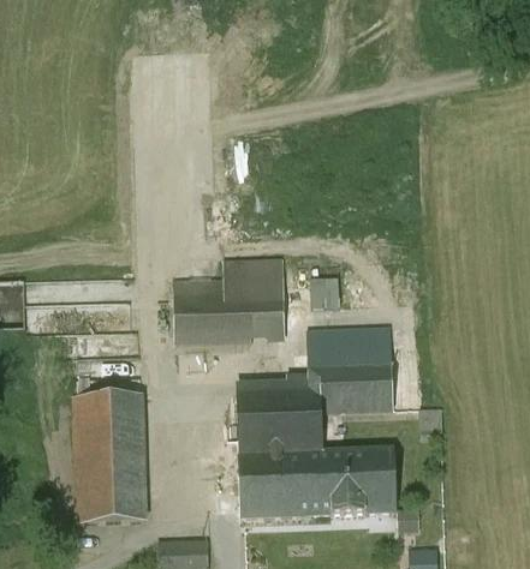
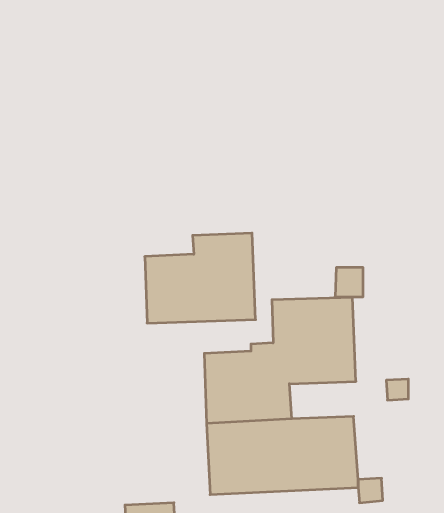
building: [314,276,343,306] -> [335,268,363,297]
building: [71,395,148,525] -> none

